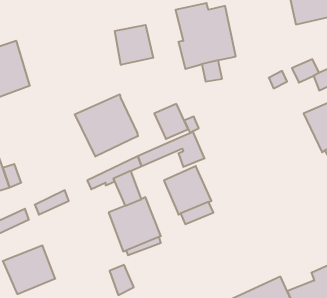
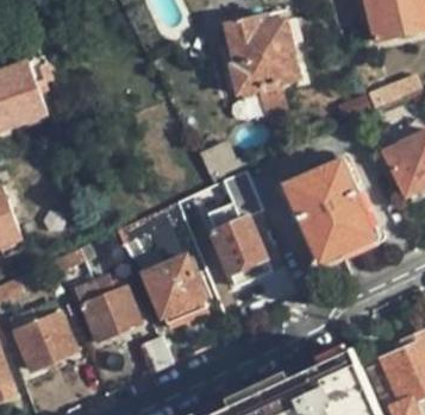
building: [115,25,153,65] -> none
building: [75,94,138,157] -> none
building: none -> [286,158,374,260]
building: none -> [73,275,142,340]

